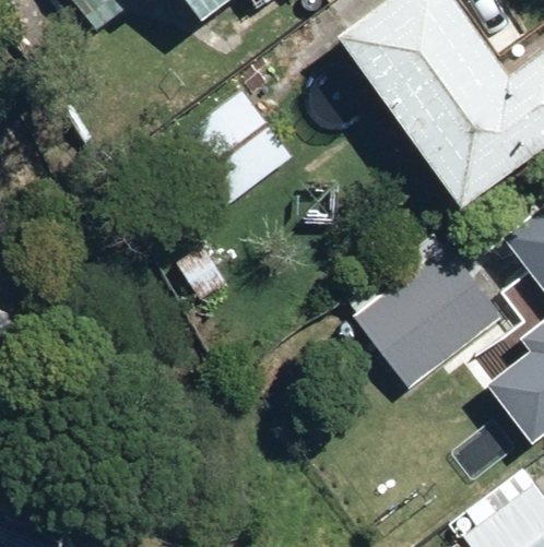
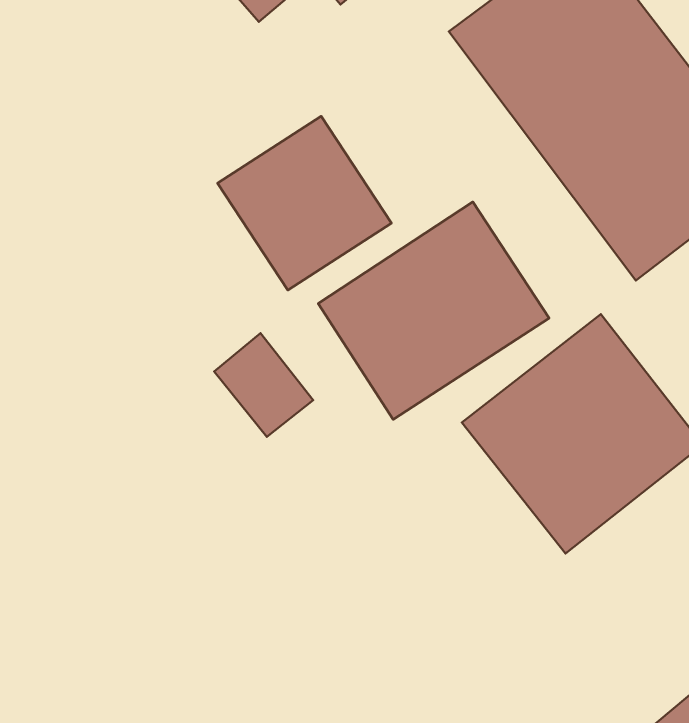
building: none -> [318,202,549,420]

